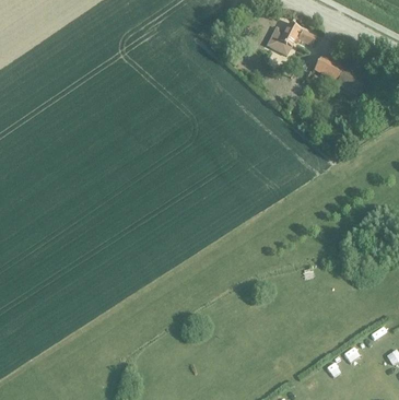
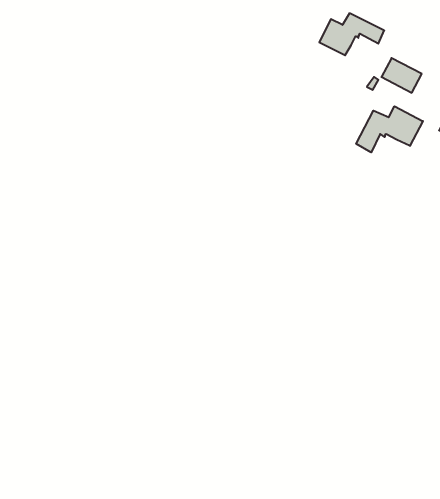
building: none -> [356,106,423,152]

